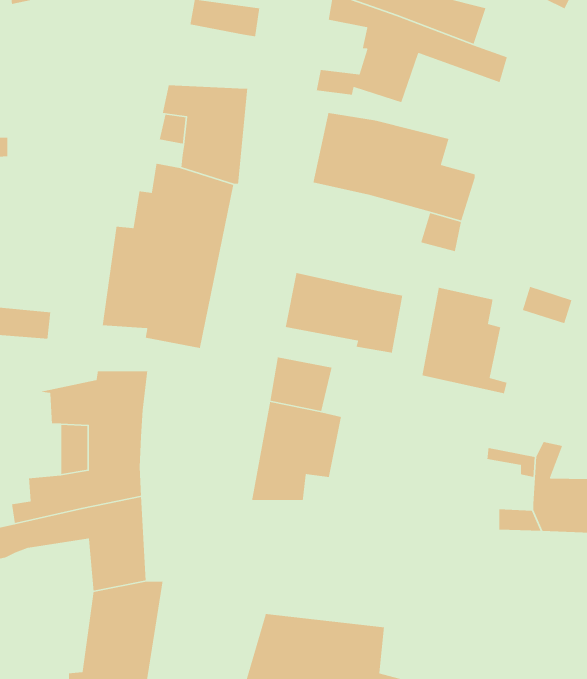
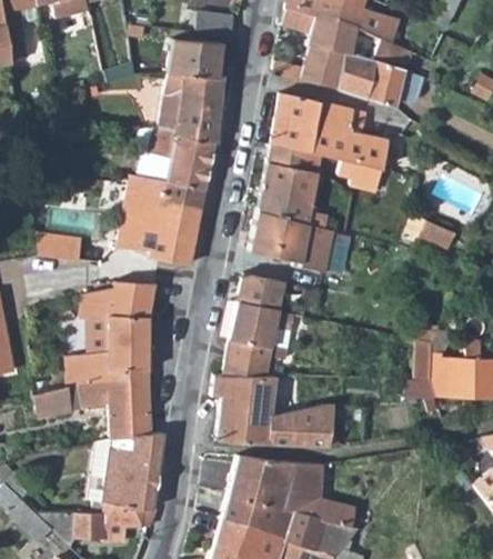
building: none -> [167,40,221,77]
building: none -> [335,52,426,109]
building: [421,287,507,394] -> [259,146,321,223]
building: none -> [212,372,333,449]

